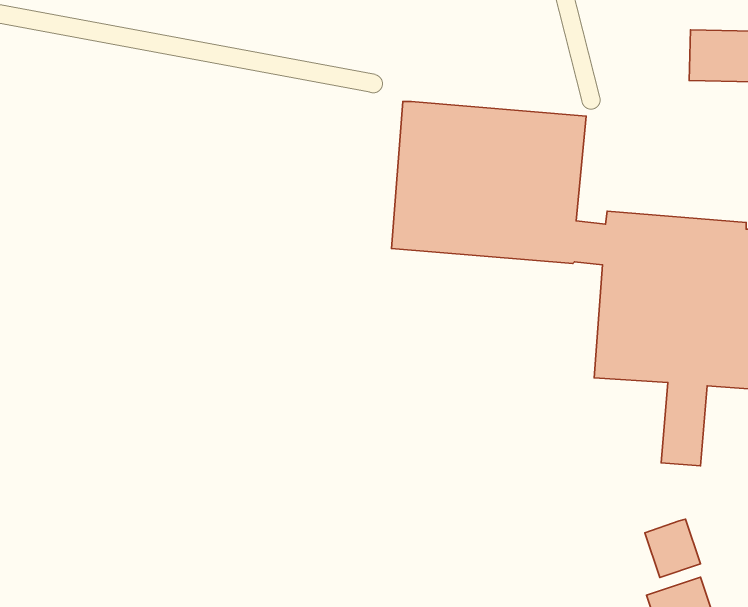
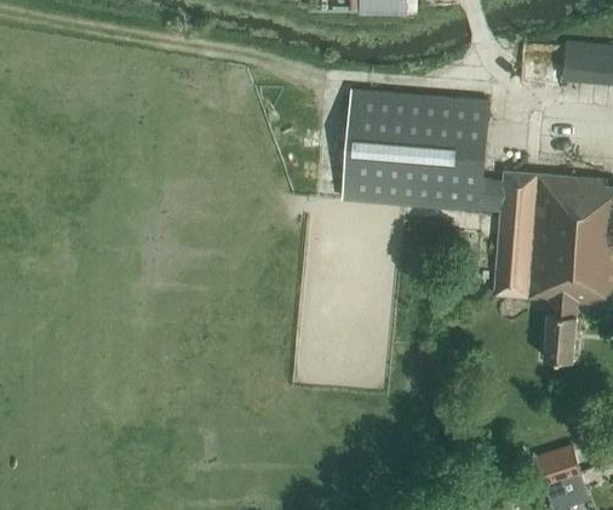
building: [645,519,701,577] -> none

